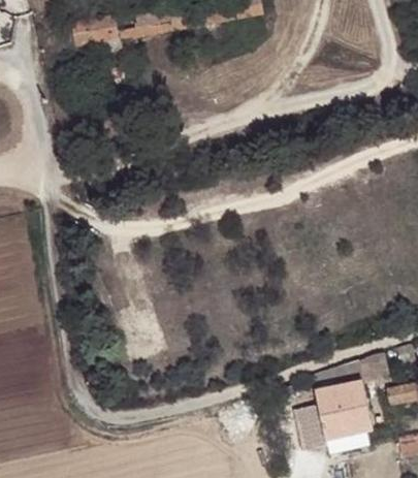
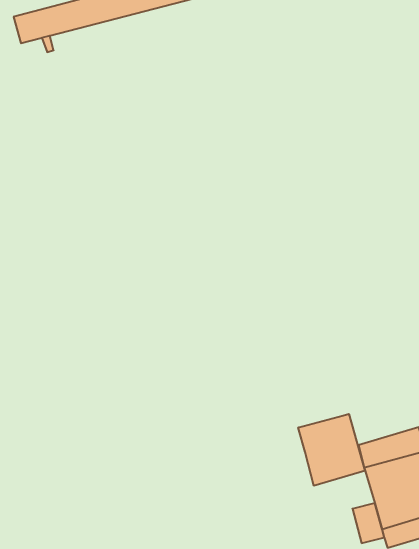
building: none -> [298,414,365,486]

